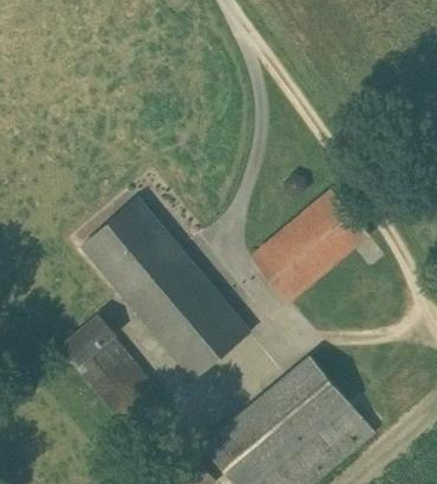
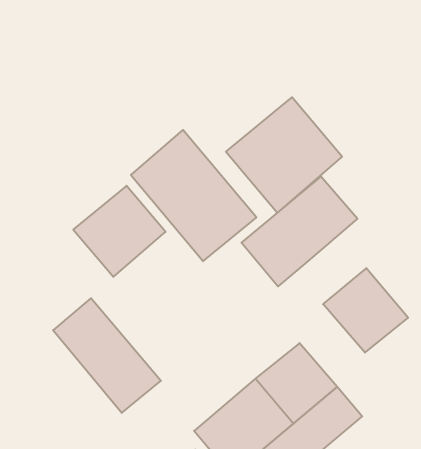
building: none -> [226,97,342,213]
building: [123,246,249,378] -> [131,130,256,261]
building: none -> [323,268,408,353]

